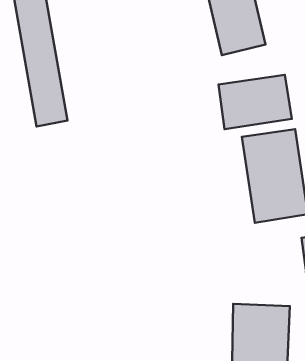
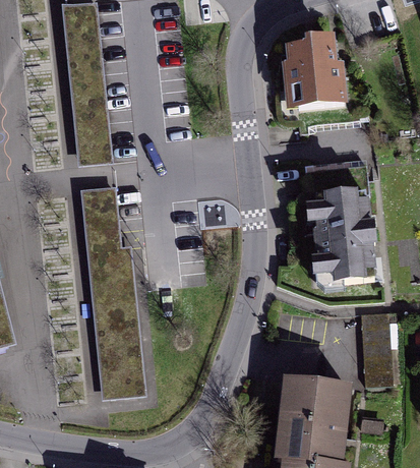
building: [219,75,292,129] -> none
building: none -> [80,184,147,398]

